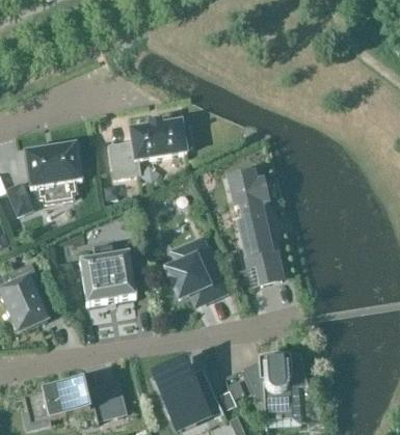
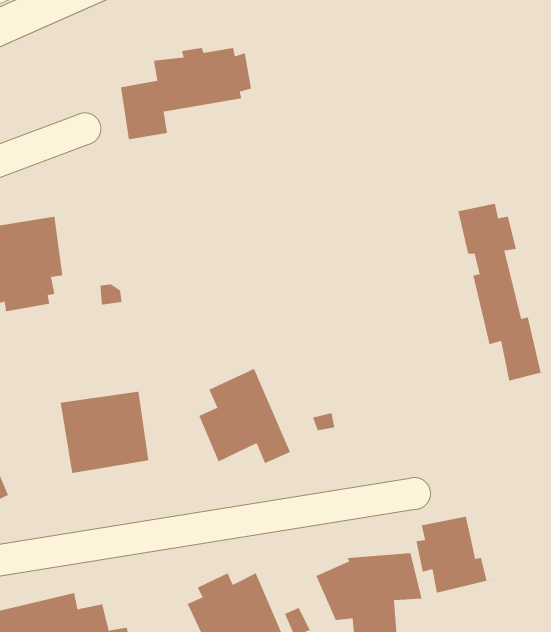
building: [109,119,192,178] -> [120,47,252,140]
building: [229,171,282,283] -> [458,203,542,381]
building: none -> [416,516,497,593]

